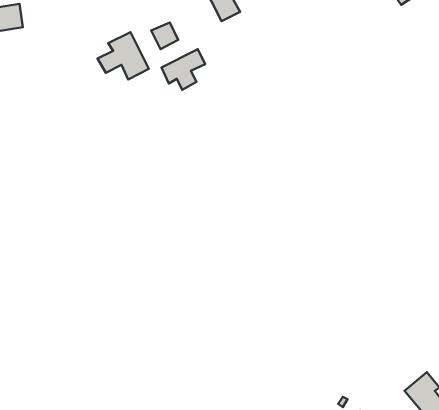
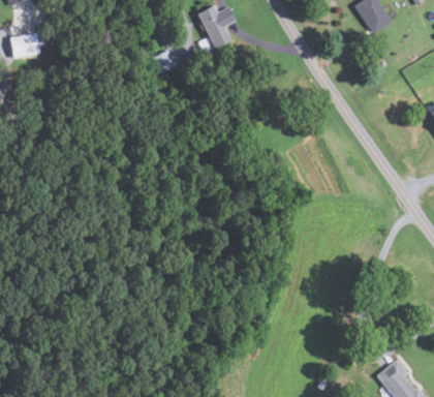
building: [98,32,149,79] -> none
building: [161,49,205,90] -> none

